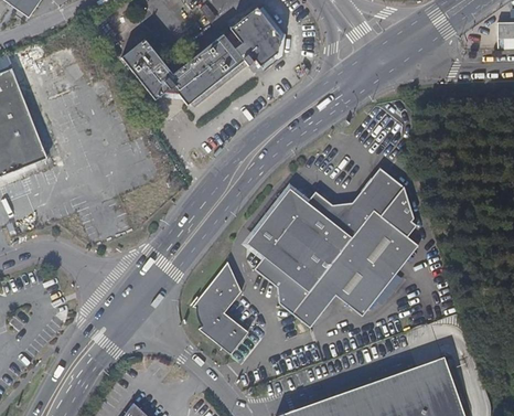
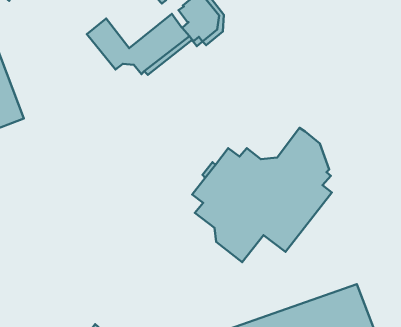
building: [190,265,242,356] -> none

